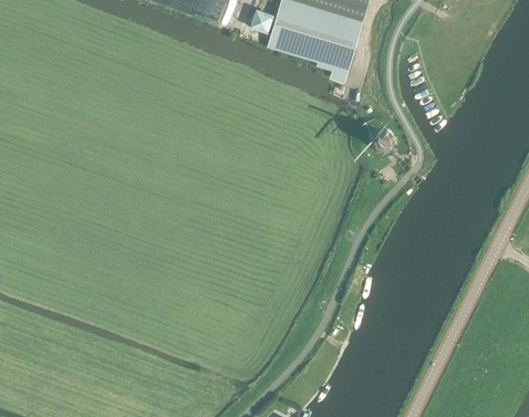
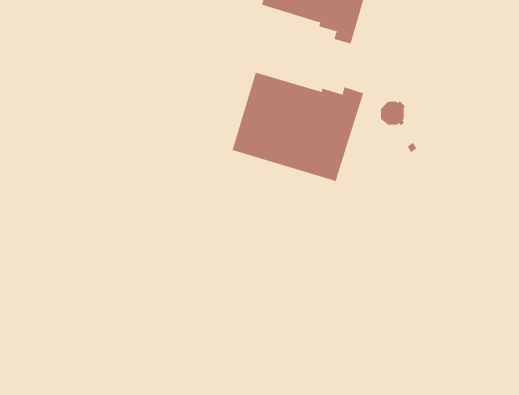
building: none -> [232,72,364,182]

